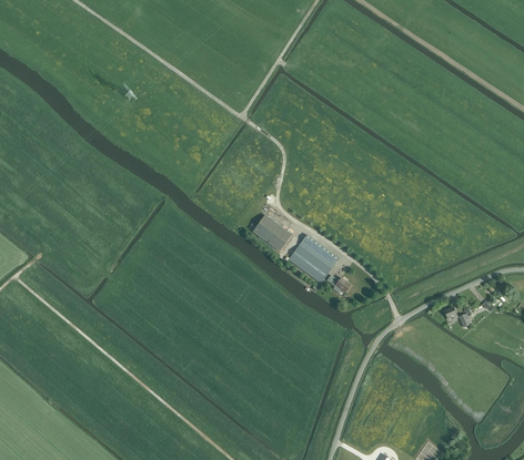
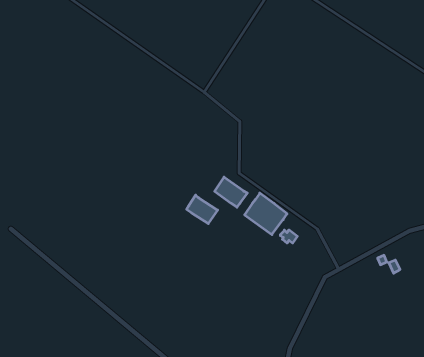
building: none -> [187,195,218,224]

